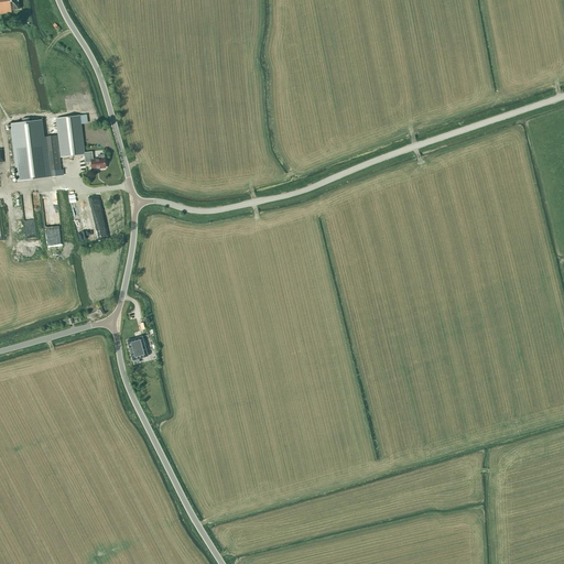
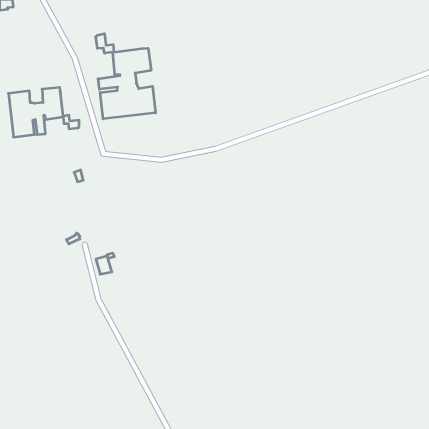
building: none -> [96,34,156,119]

